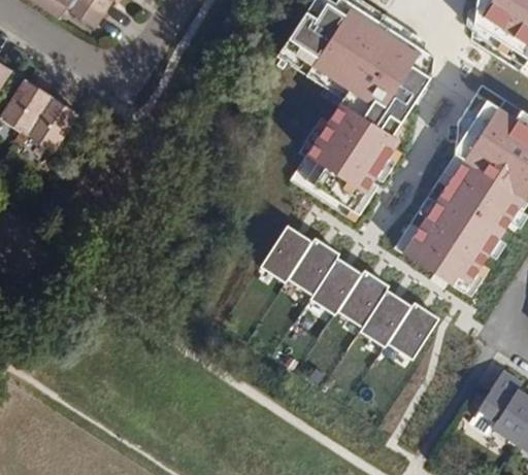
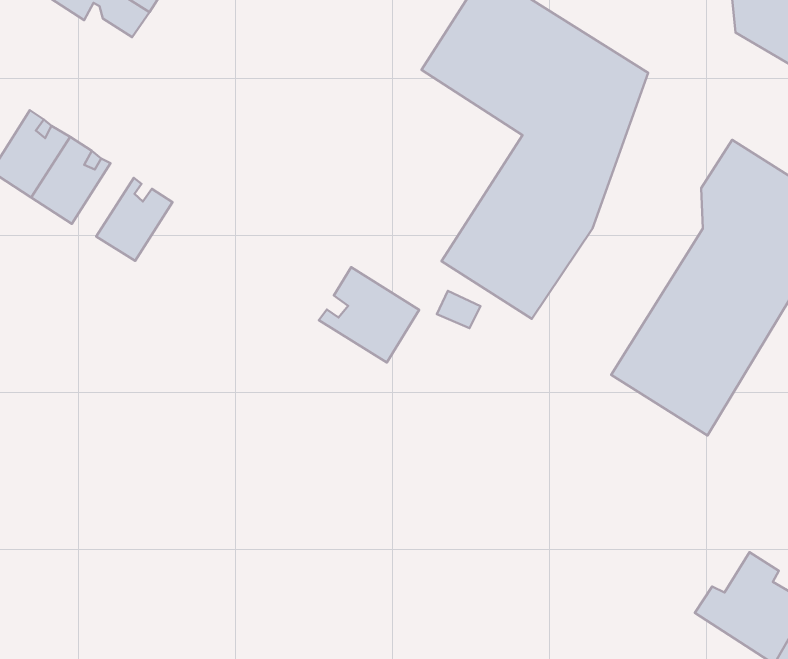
building: none -> [96,178,173,261]
building: none -> [319,267,419,363]
building: [255,222,437,354] -> none

